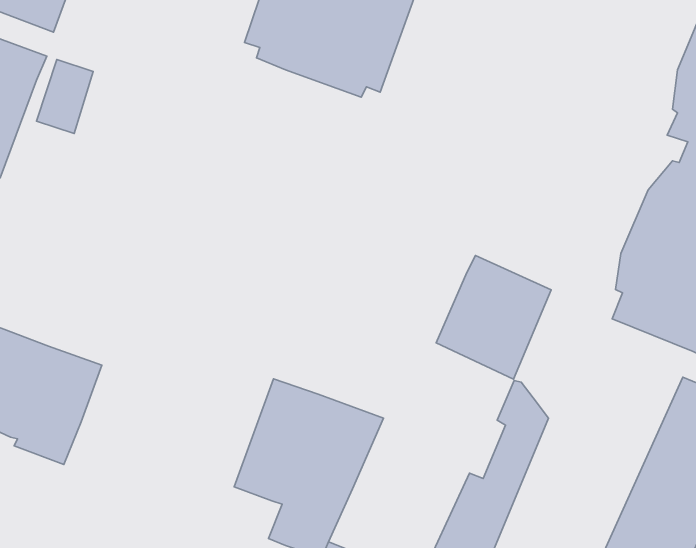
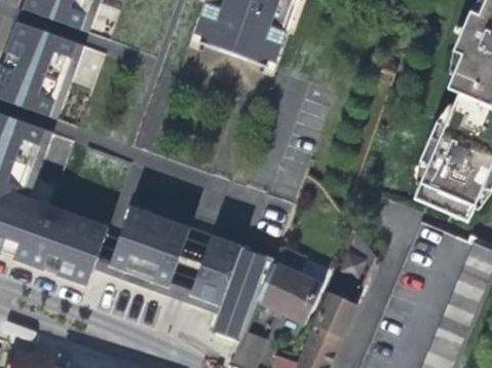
building: [436,255,551,379] -> [260,249,329,323]
building: none -> [108,206,191,293]

